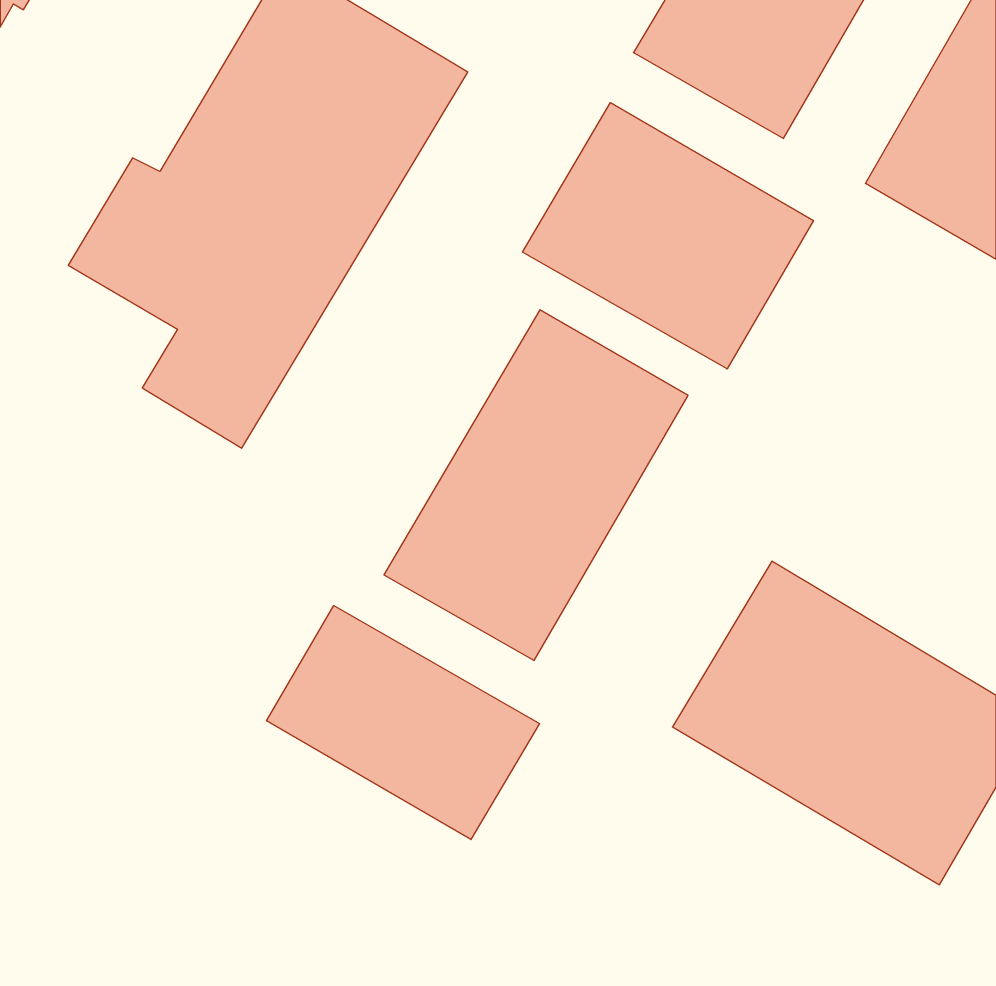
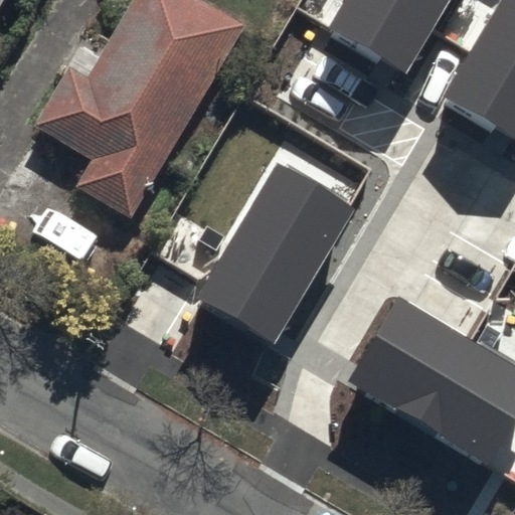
building: [523,103,813,369] -> none
building: [267,606,539,840] -> none

